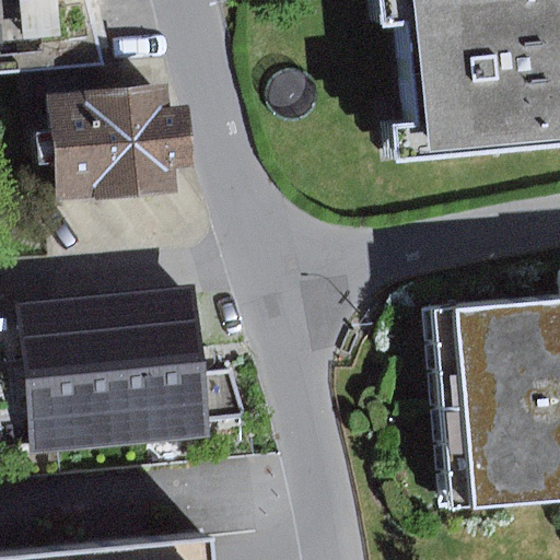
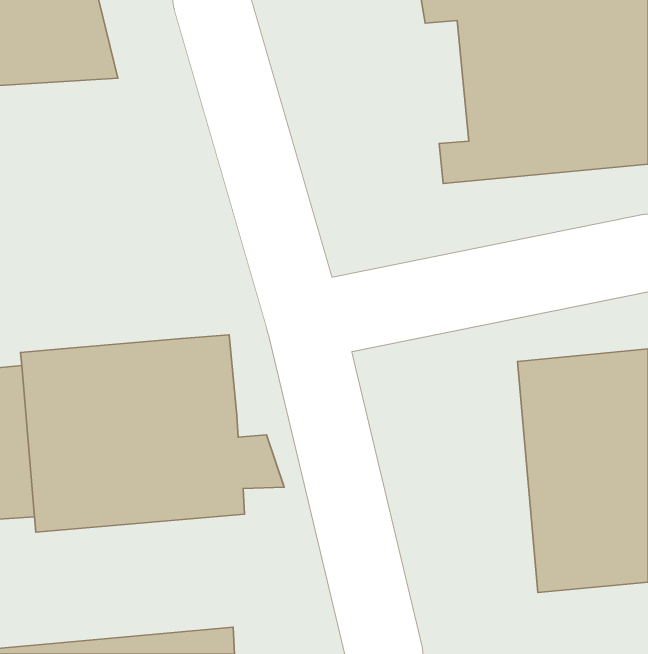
building: [52,86,191,205] -> none

